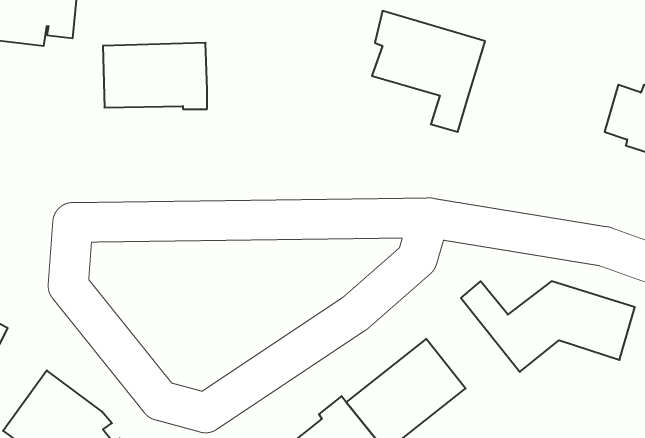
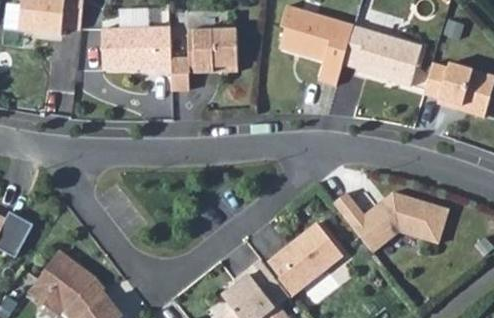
building: none -> [339,30,418,92]
building: none -> [167,33,234,95]

